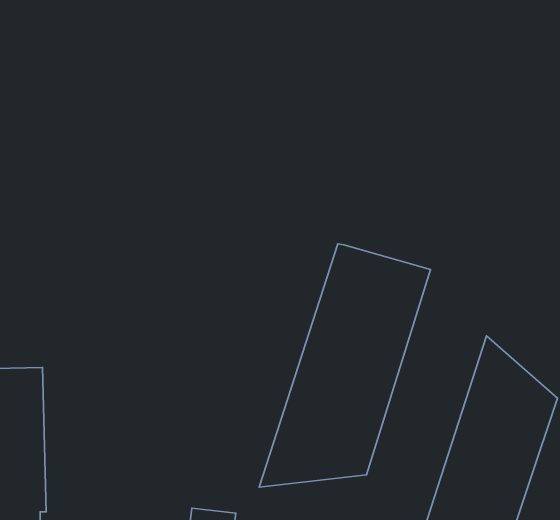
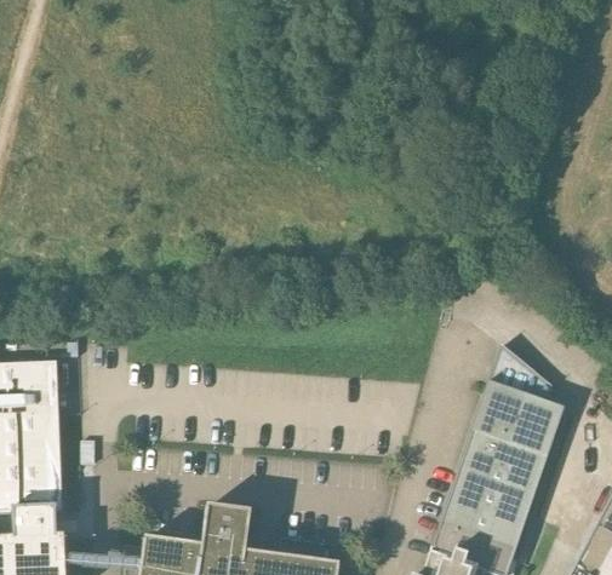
building: [259,244,431,487] -> none

